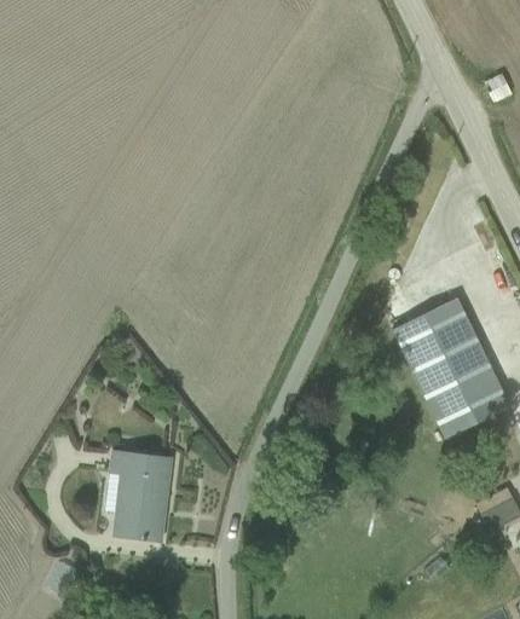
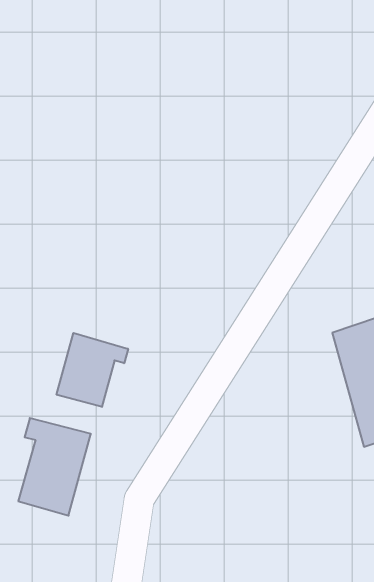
building: none -> [57,333,128,407]

